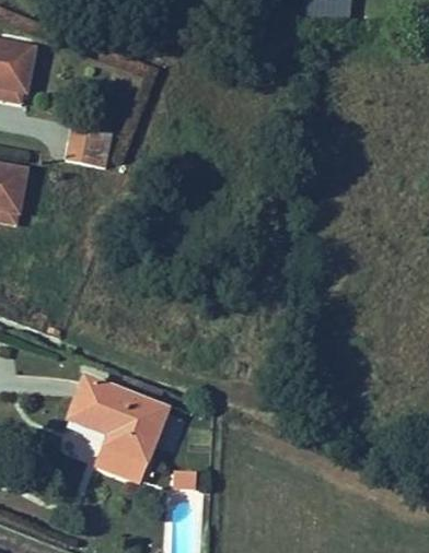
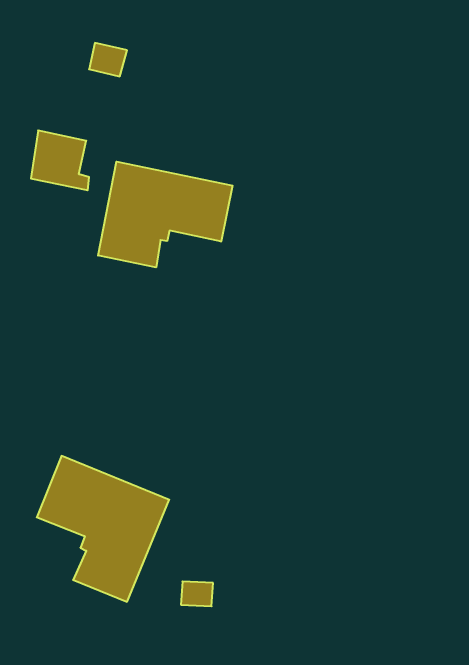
building: none -> [98,162,233,267]

